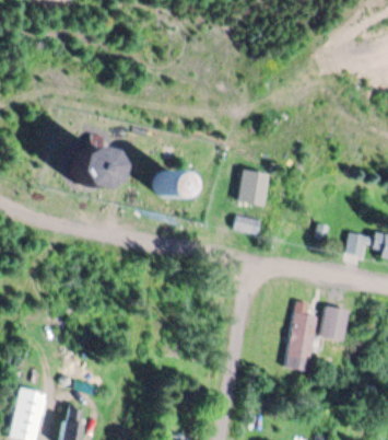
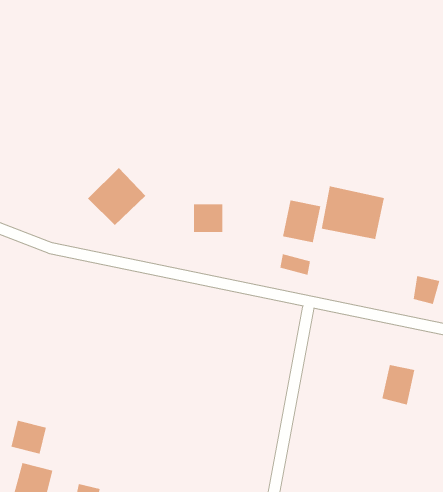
building: none -> [321,186,384,240]
building: [285,312,317,372] -> none
building: none -> [11,420,47,454]

